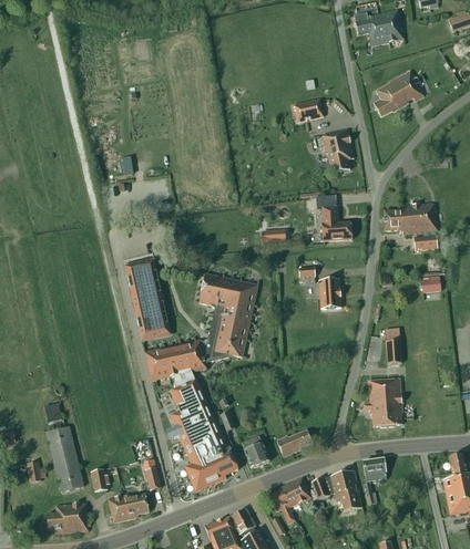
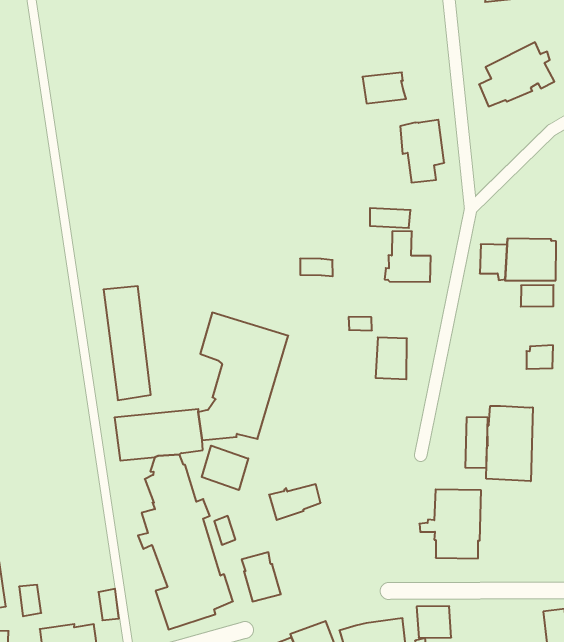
building: none -> [486,406,533,481]
building: none -> [202,446,248,490]
building: [276,429,311,456] -> [269,484,321,520]

